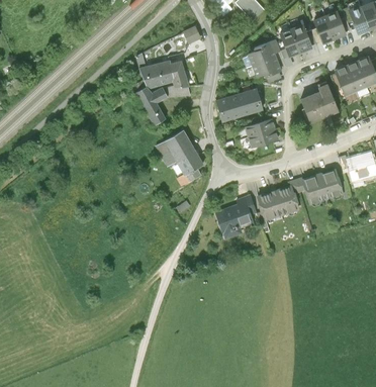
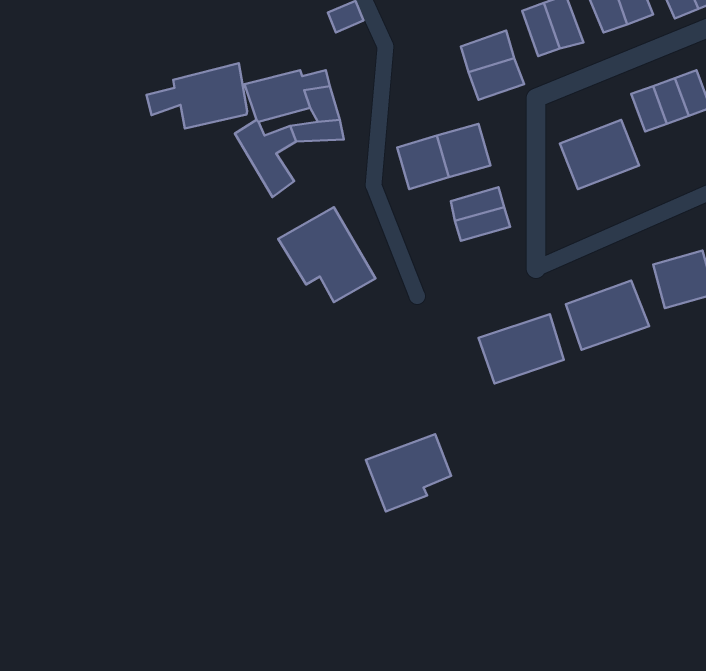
building: none -> [146,63,247,129]
building: [215,201,259,240] -> [366,434,451,511]

